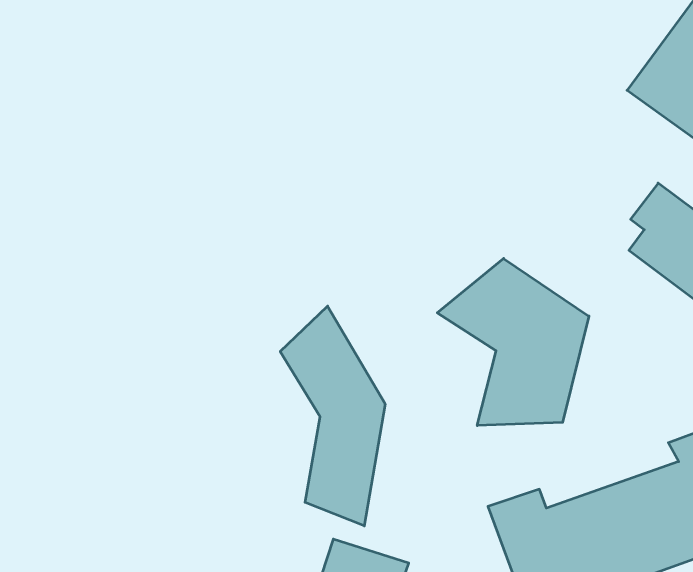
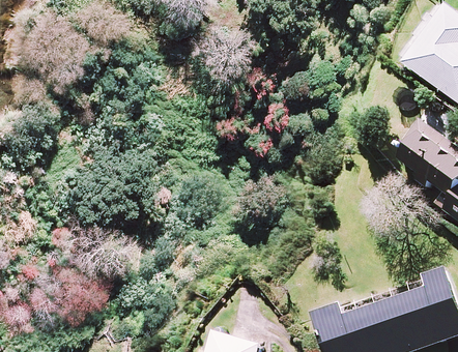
building: [437,258,589,426] -> none
building: [280,306,385,526] -> none

